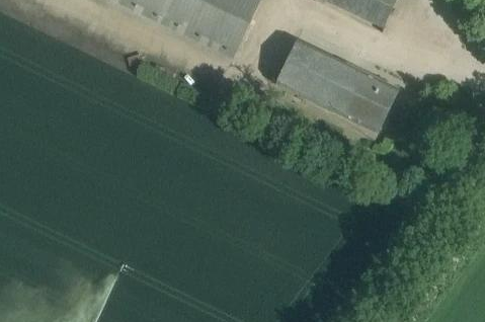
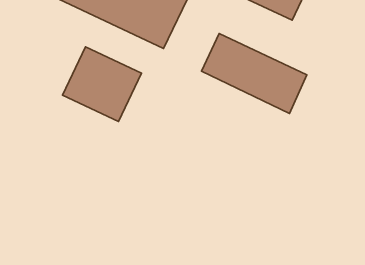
building: none -> [63,47,141,121]

